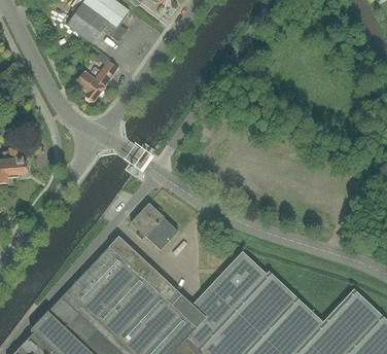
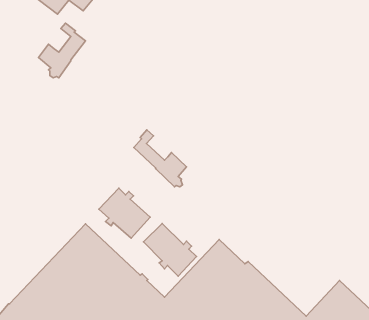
building: none -> [134,130,187,187]
building: none -> [144,223,197,276]

